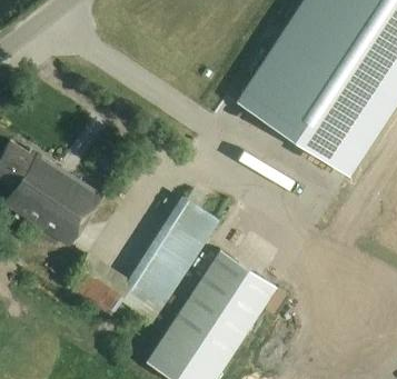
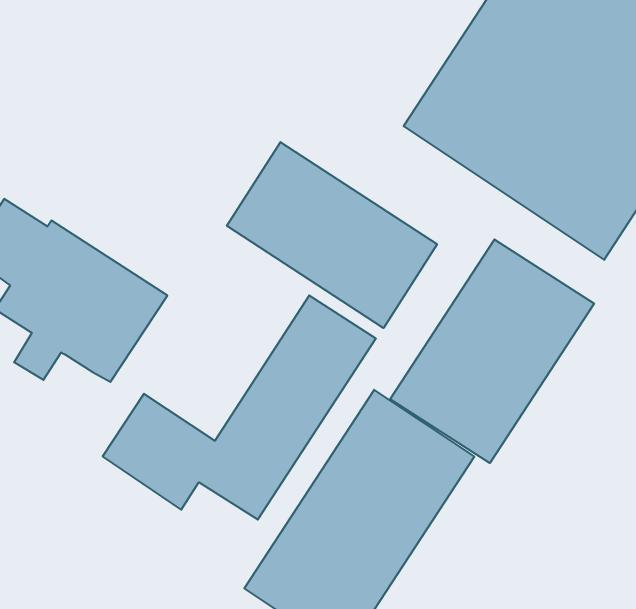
building: none -> [227,142,437,328]
building: none -> [390,239,594,463]

